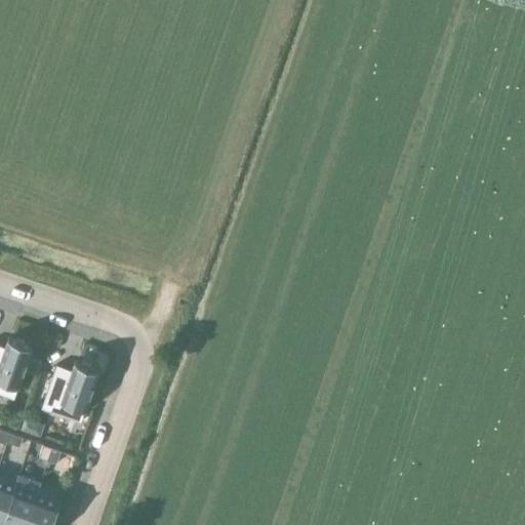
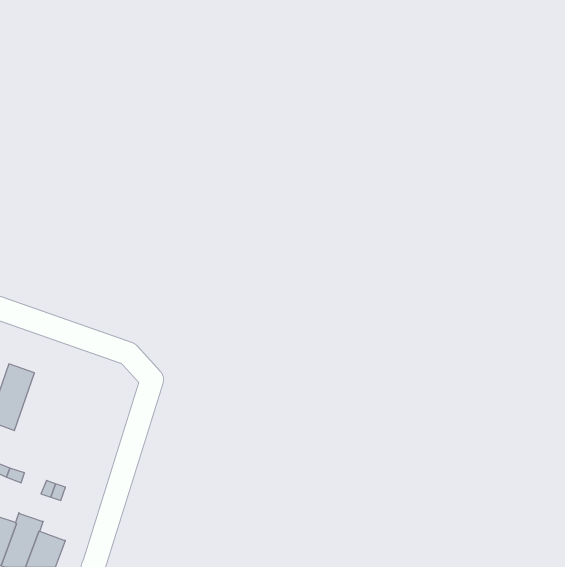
building: [41,360,98,421] -> none

